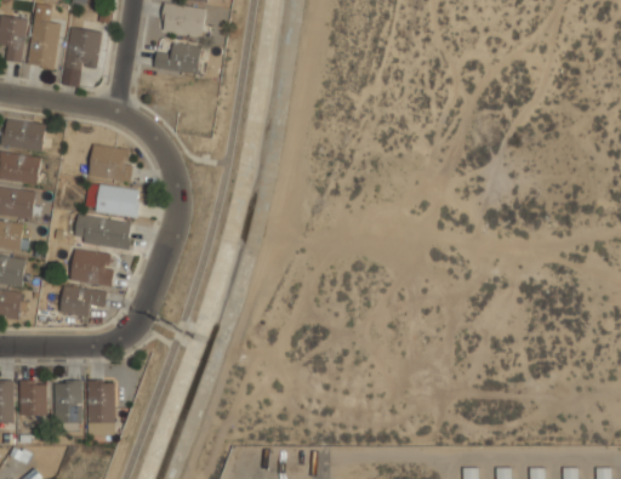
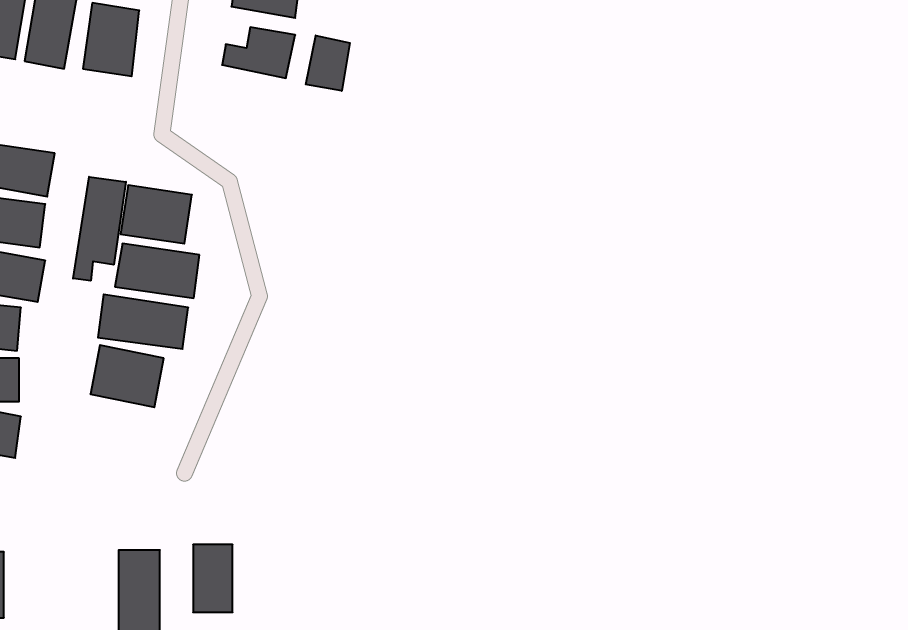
building: none -> [306,35,350,91]
building: none -> [73,177,126,281]
building: [59,285,106,317] -> none
building: [19,380,46,416] -> none
building: [55,380,80,423] -> [193,545,233,612]

